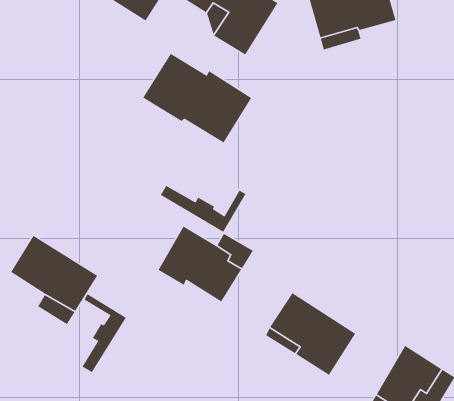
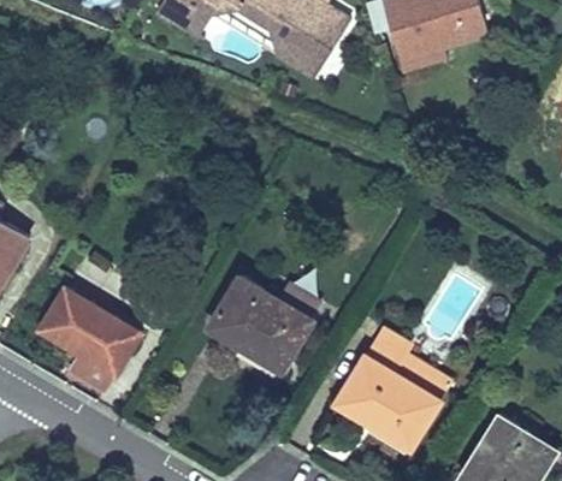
building: [142,53,252,144] -> none
building: [160,185,247,233] -> none
building: none -> [366,326,451,402]
building: [82,293,127,373] -> none

